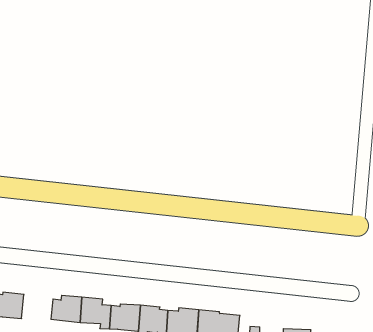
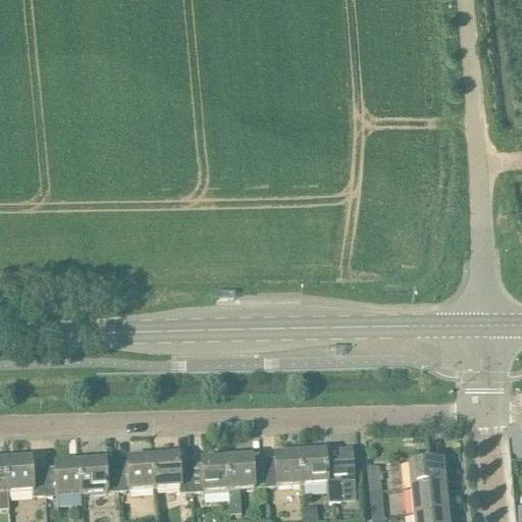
building: none -> [81,458,118,489]

